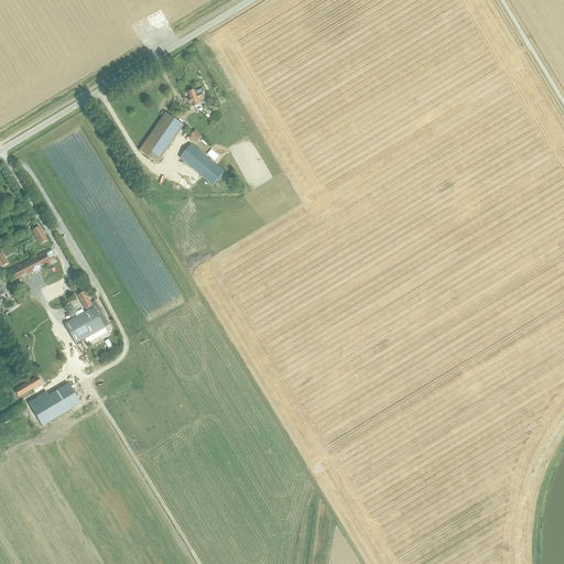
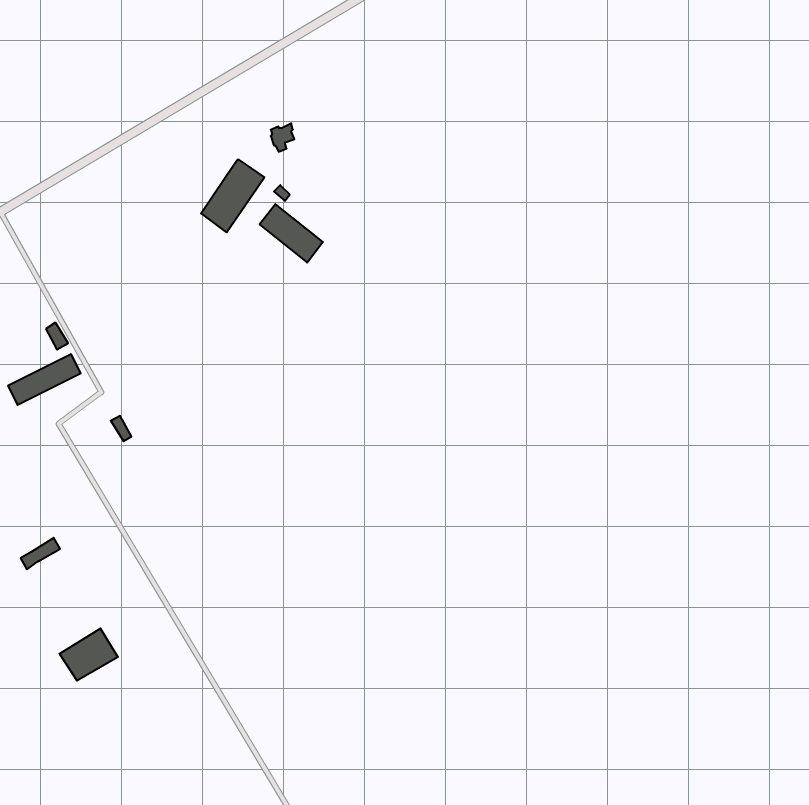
building: [64,306,105,341] -> none
building: [30,388,70,424] -> [59,628,118,681]

